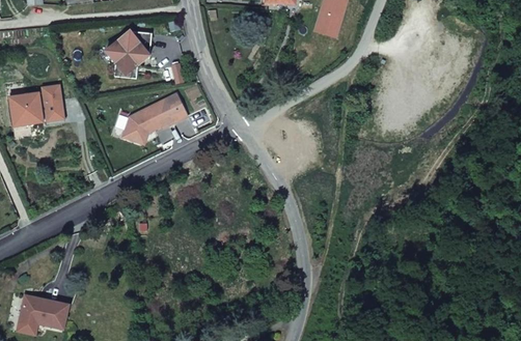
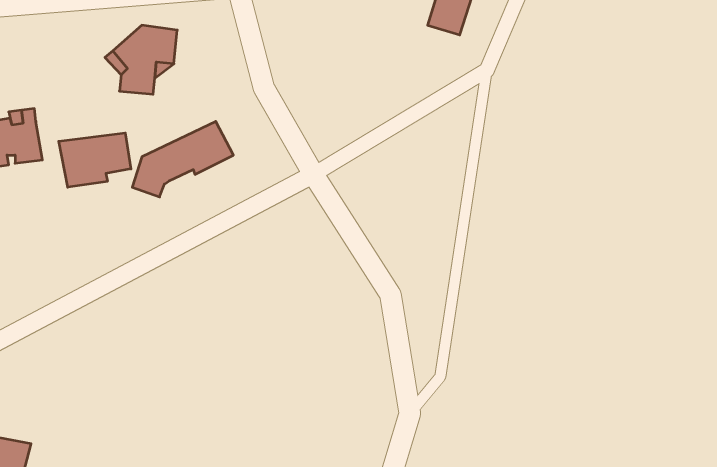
building: none -> [59,133,131,187]

